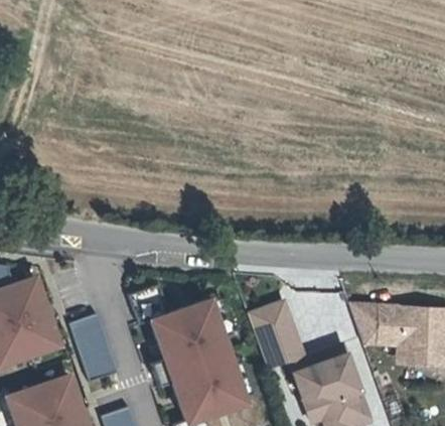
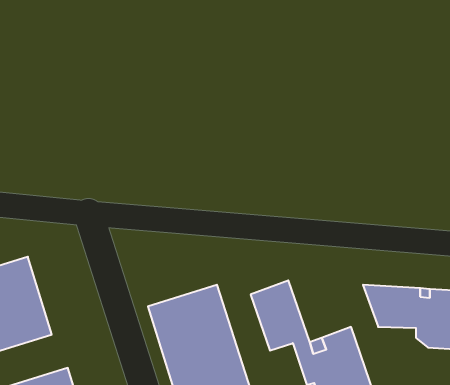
building: [71,314,117,380] -> none

